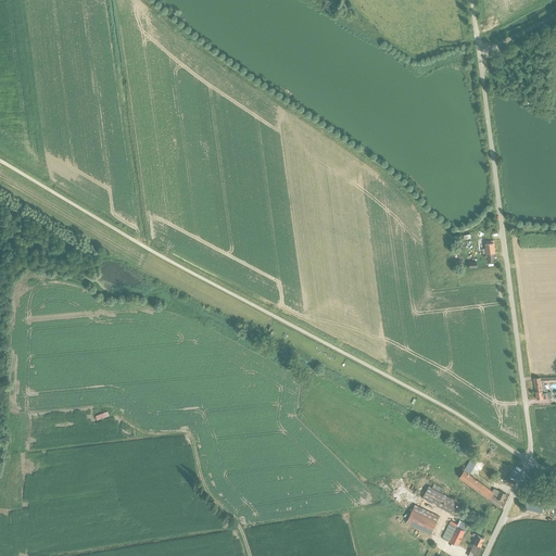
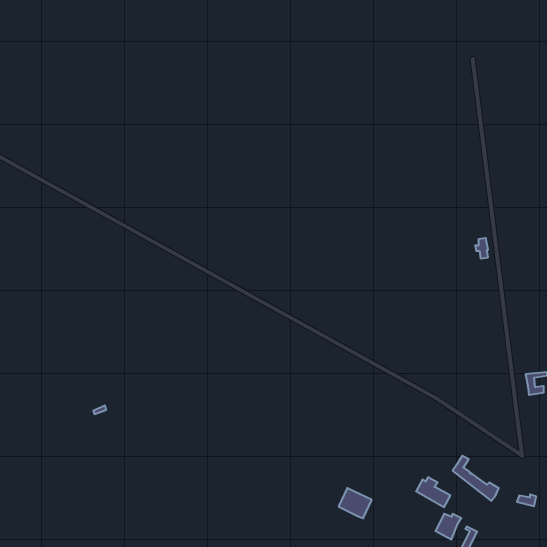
building: [405,505,439,535] -> [339,488,372,518]

